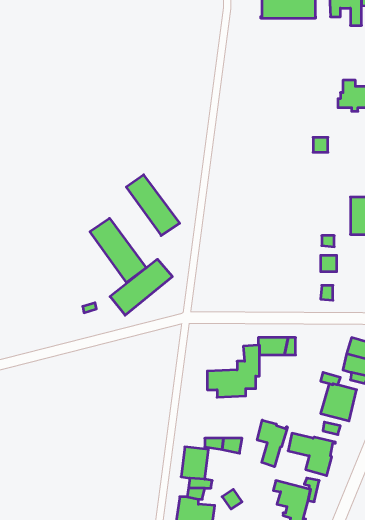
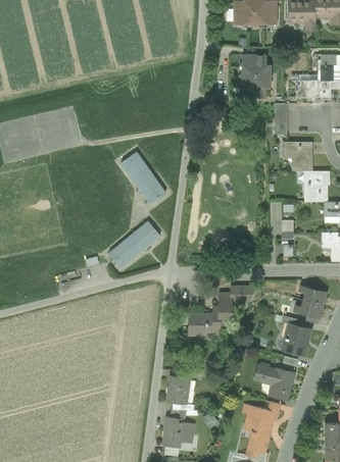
building: none -> [242,54,271,99]
building: none -> [282,143,311,171]
building: [90,218,146,282] -> none
building: [257,420,287,467] -> none

